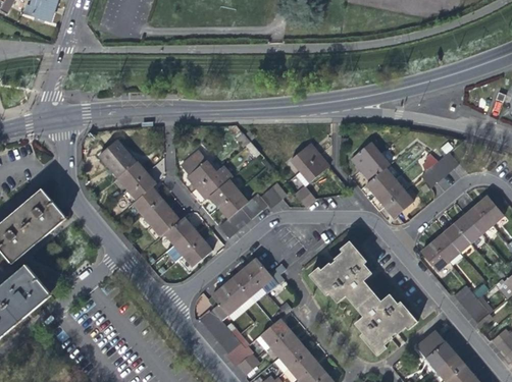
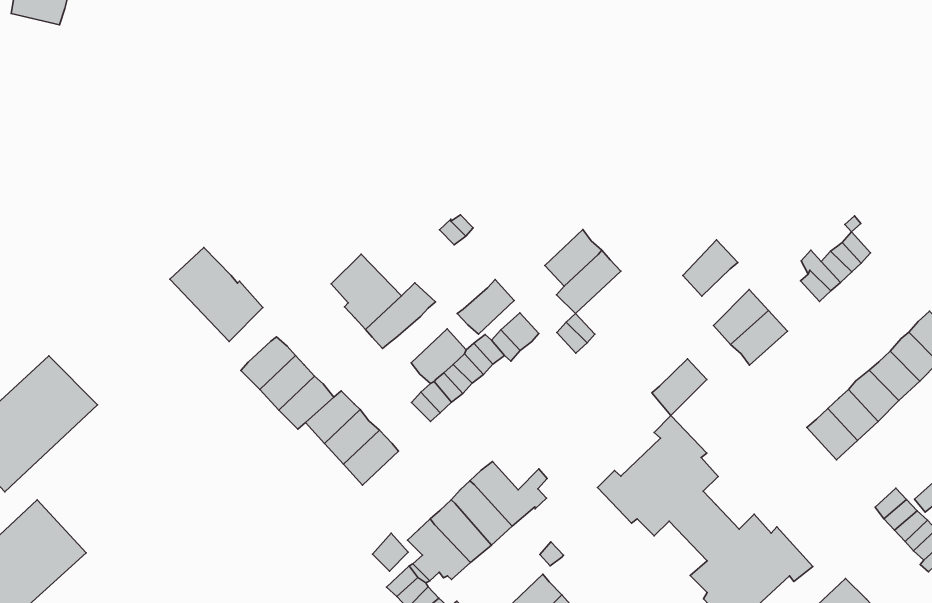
building: [351,143,379,170] -> none
building: [366,168,395,197] -> [652,359,707,416]
building: [126,174,155,202] -> none
building: [209,179,239,207] -> [457,280,514,334]

